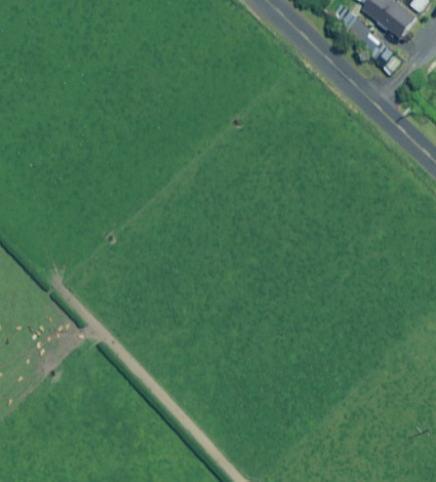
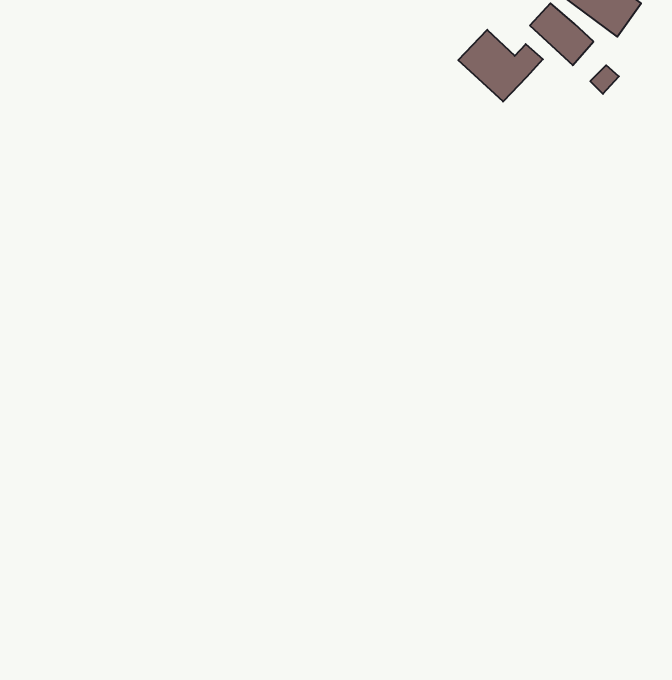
building: none -> [458,30,543,102]

